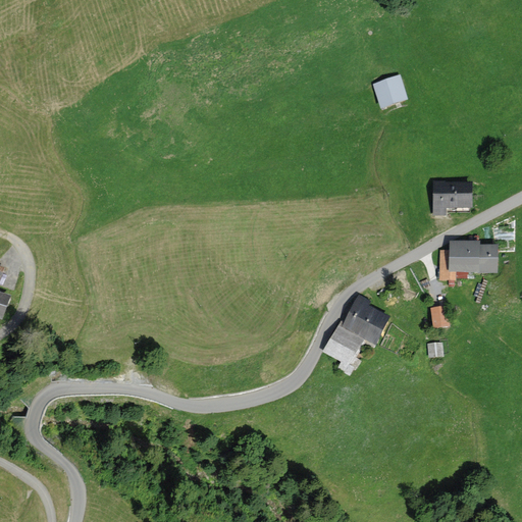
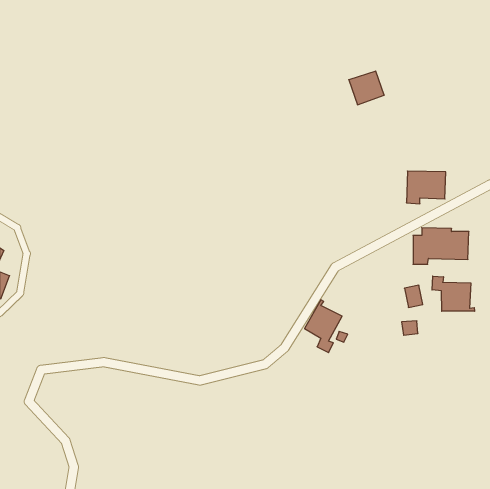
building: [341,292,389,342] -> none
building: none -> [432,276,475,311]

